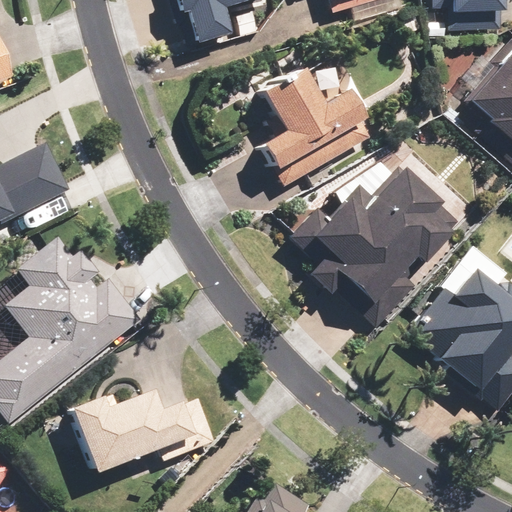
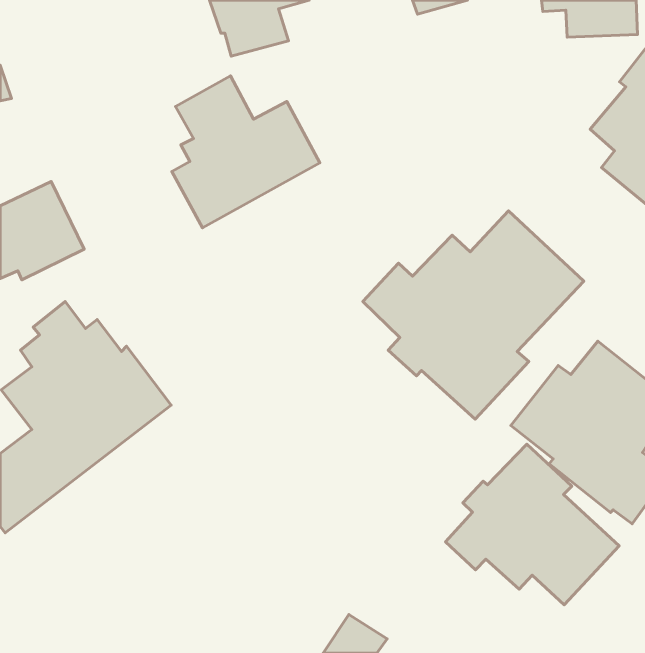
building: [260,67,376,186] -> [172,76,320,228]
building: none -> [446,444,619,605]
building: [71,389,214,471] -> none

